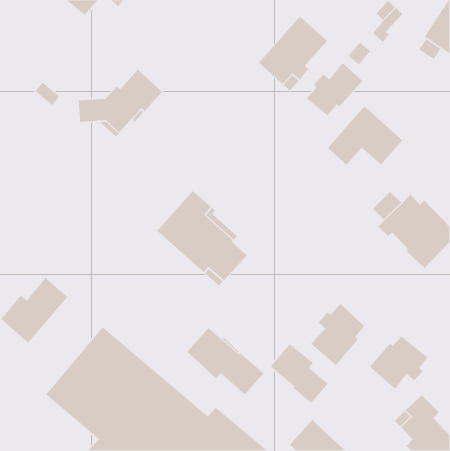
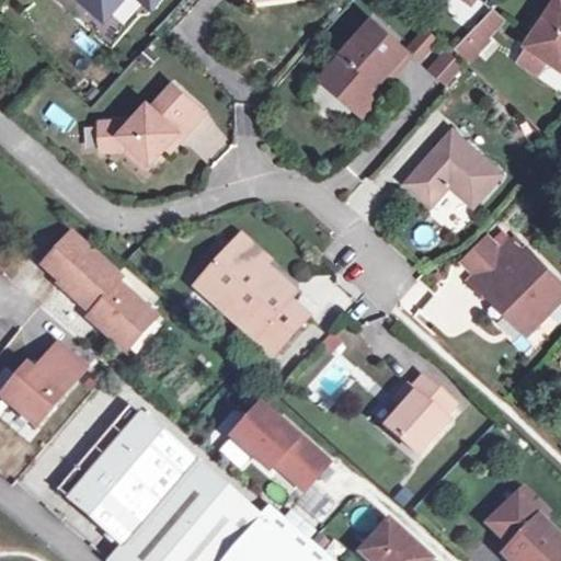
building: [306,62,363,116] -> none
building: none -> [44,234,154,350]
building: [369,336,428,390] -> none
building: [270,343,329,404] -> none

